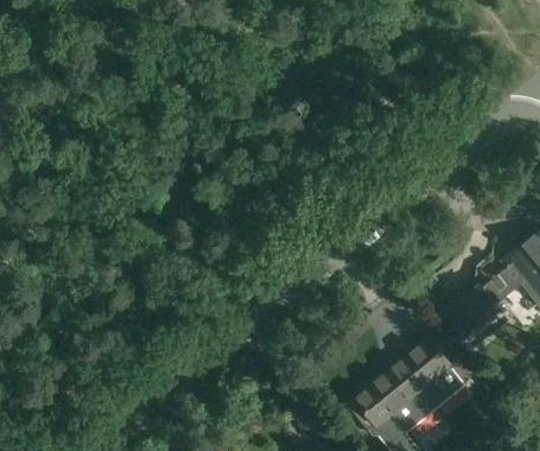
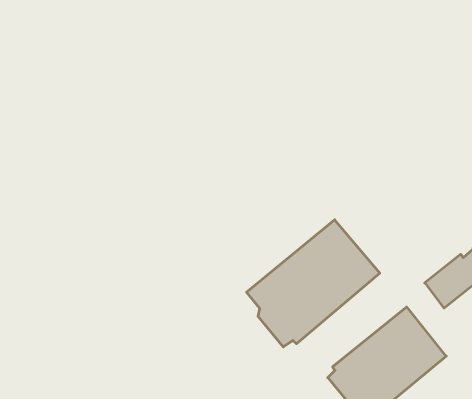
building: none -> [247,220,380,347]

